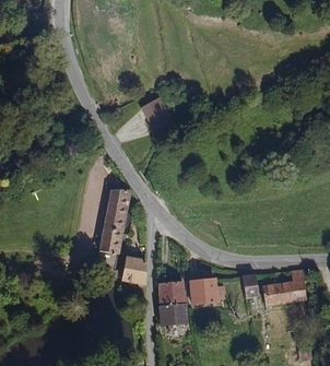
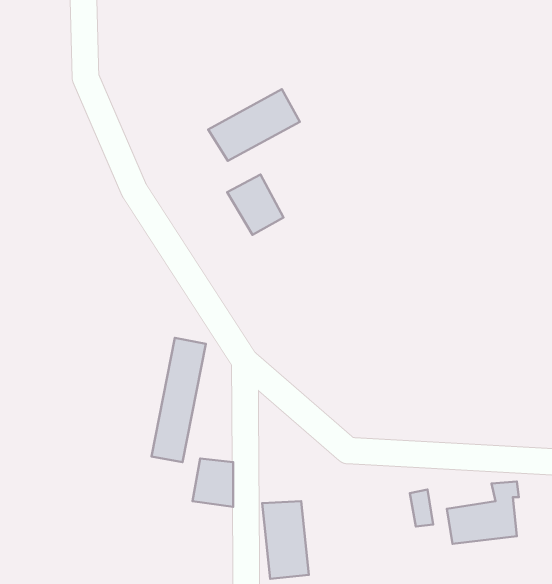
building: none -> [208,89,300,161]
building: [189,279,225,305] -> none

